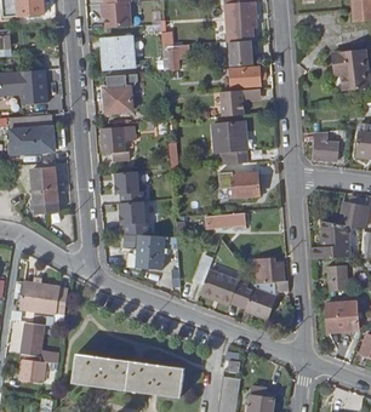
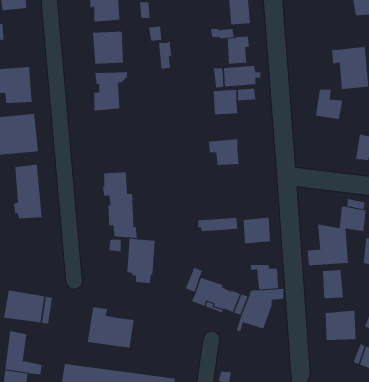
building: [215,121,247,141] -> none
building: [102,124,138,159] -> none
building: [313,132,339,161] -> [315,89,343,120]
building: [234,172,261,198] -> [243,217,271,244]
building: none -> [87,306,134,349]

